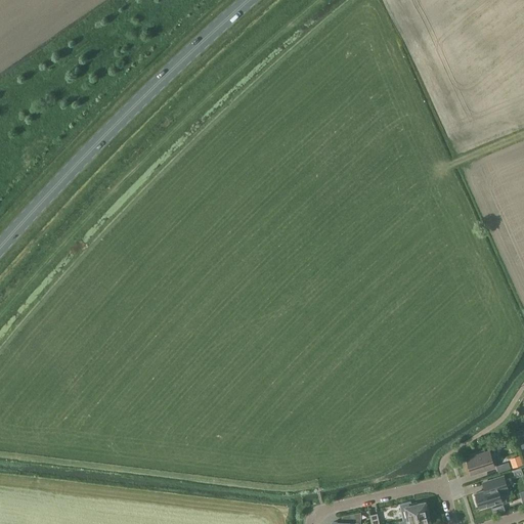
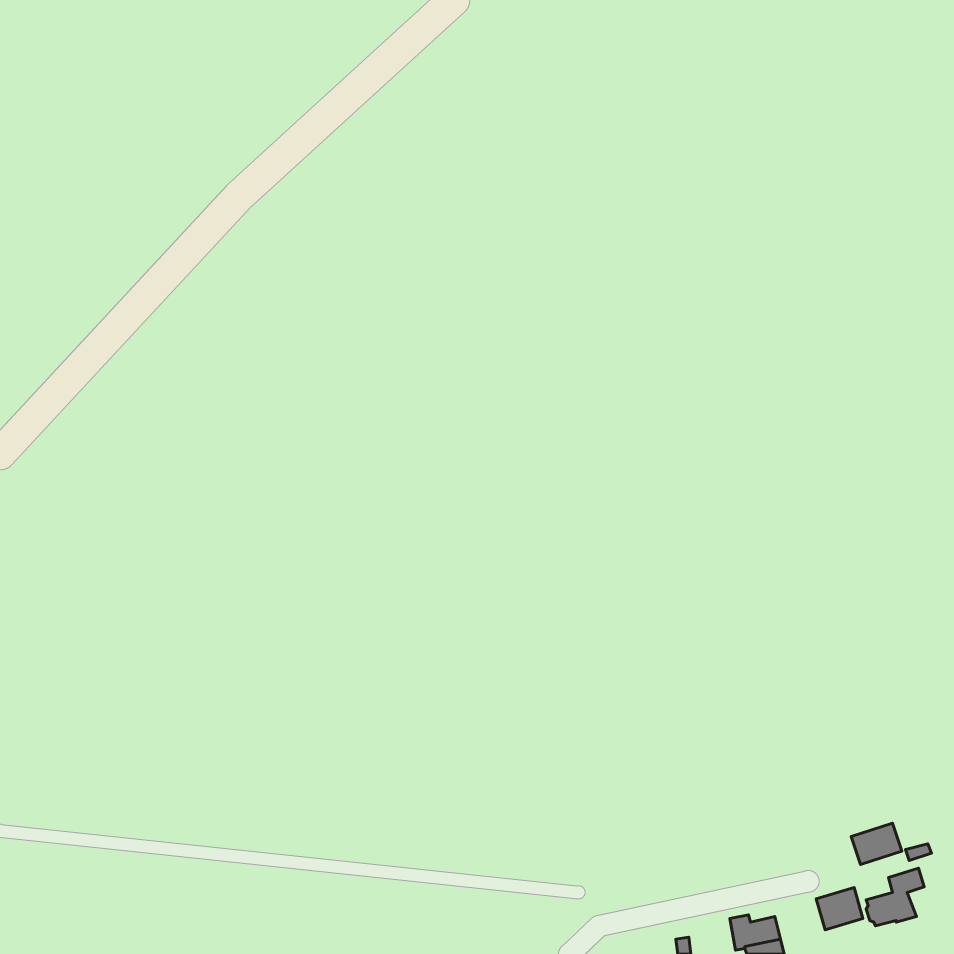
building: none -> [816,888,863,930]

